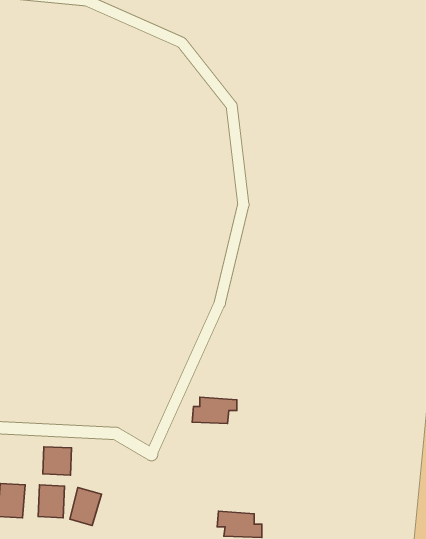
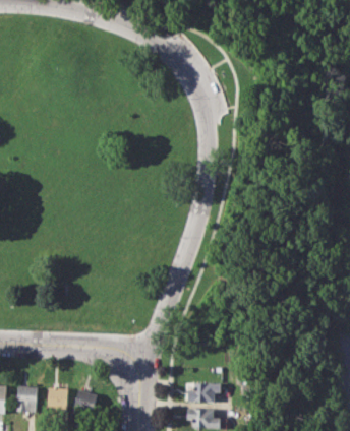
building: [192,397,237,424] -> [187,382,222,403]
building: [43,447,72,475] -> none

